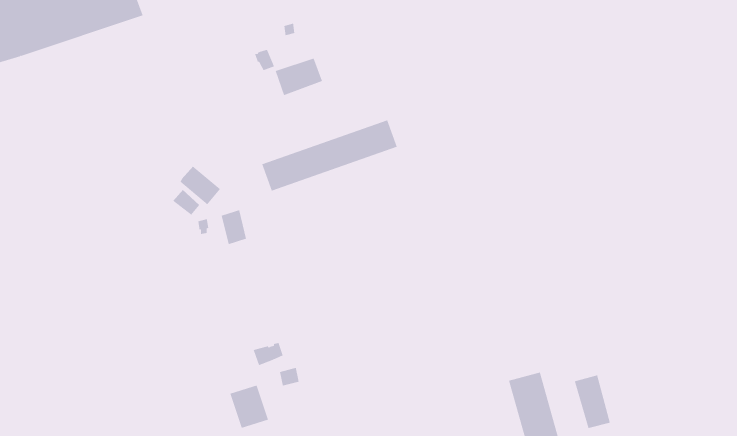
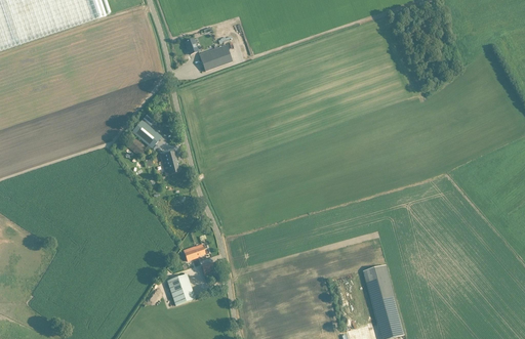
building: [262,120,397,192] -> none
building: [574,375,610,429] -> none

